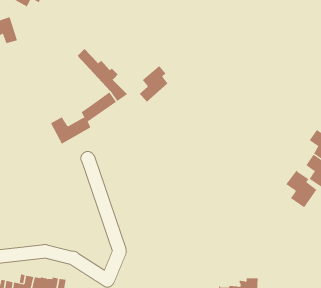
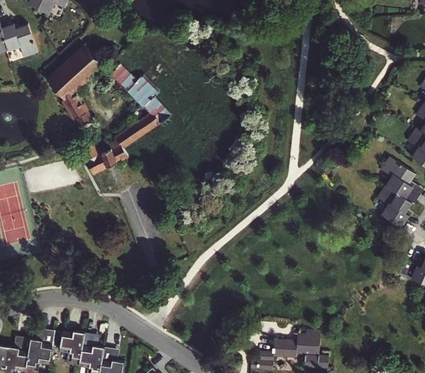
building: none -> [44,45,99,127]
building: [139,65,168,102] -> none
building: [286,170,317,208] -> none

